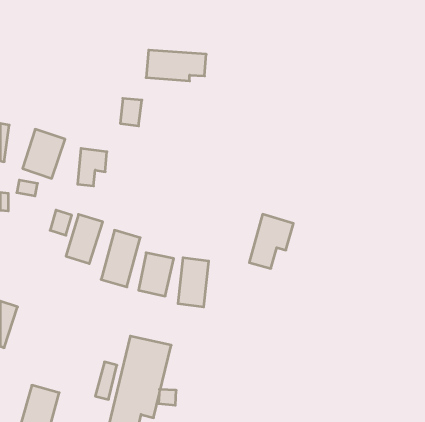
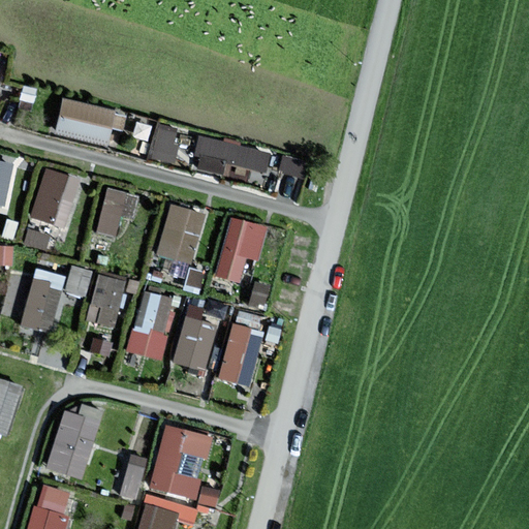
building: [146,50,206,81] -> [196,141,271,179]
building: none -> [58,106,123,149]
building: none -> [158,205,204,262]
building: none -> [23,269,63,331]
building: [249,214,293,268] -> [214,216,269,283]
building: none -> [50,404,100,477]

